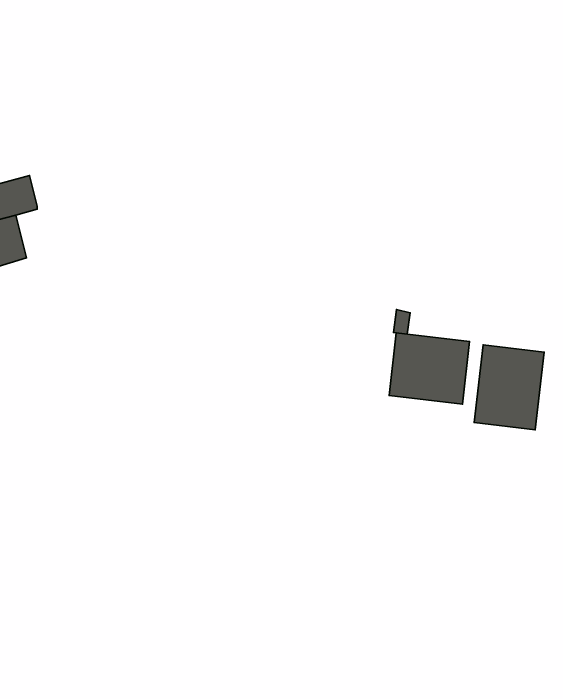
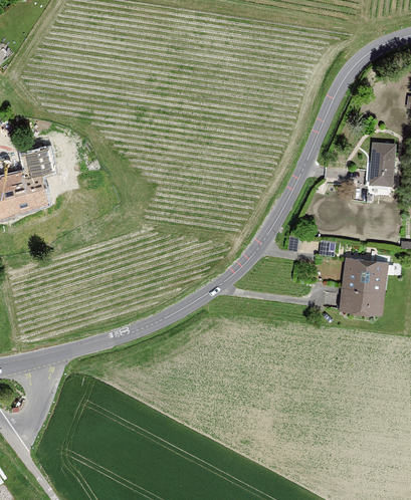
building: none -> [370,145,394,186]
building: [389,333,469,404] -> none

